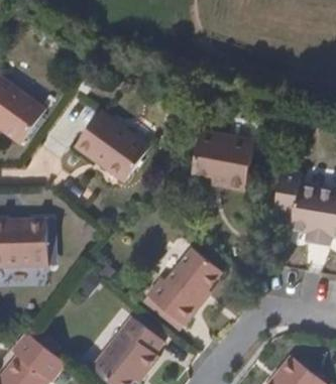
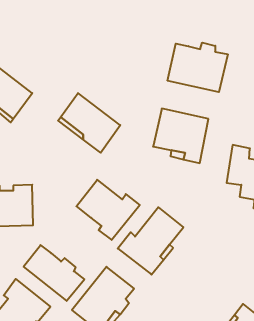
building: none -> [168,43,228,92]
building: none -> [76,180,140,240]
building: none -> [24,245,84,301]

